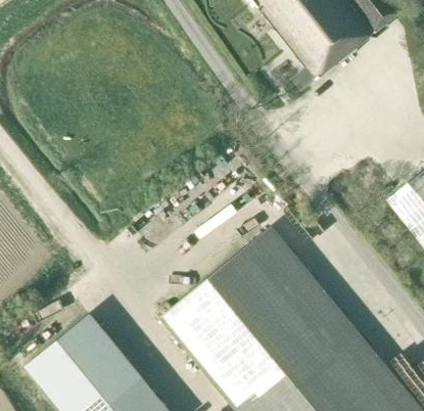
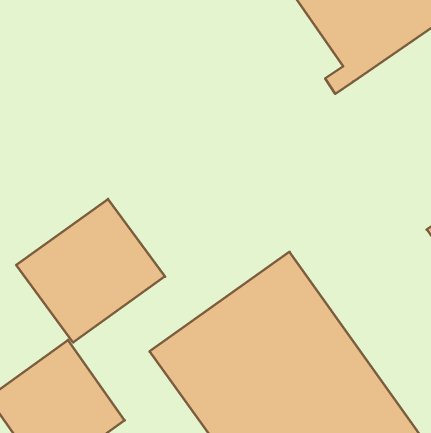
building: none -> [16,199,165,342]

